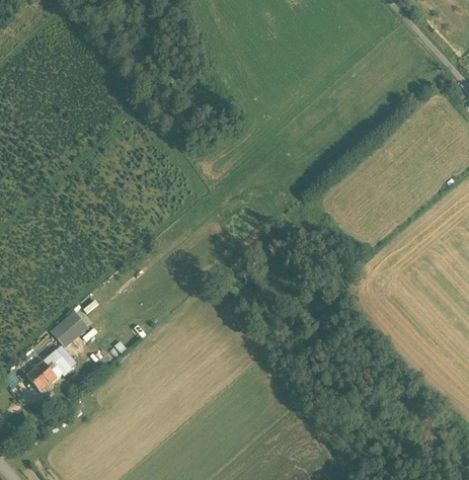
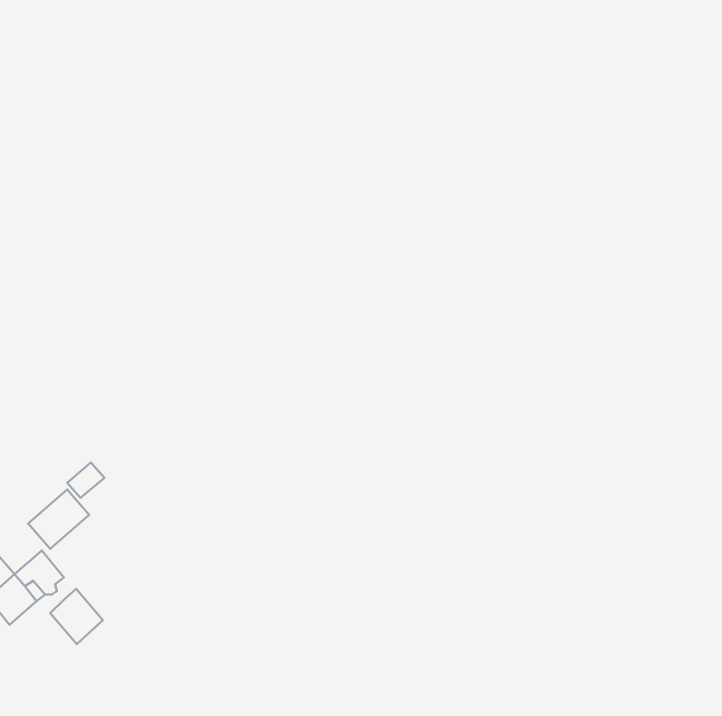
building: none -> [50,589,103,644]

